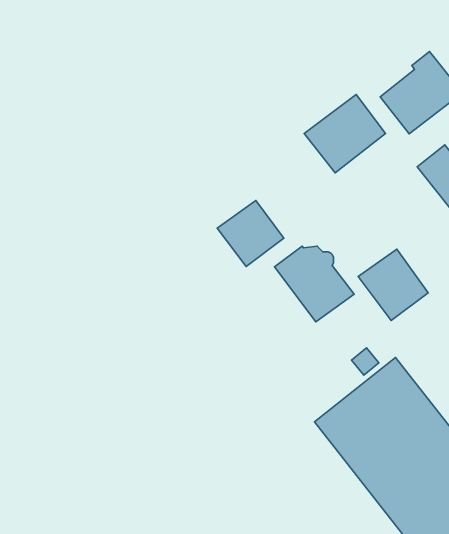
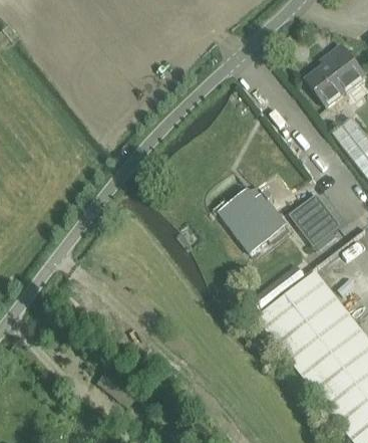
building: [304,95,386,173] -> none
building: [217,200,284,266] -> none

